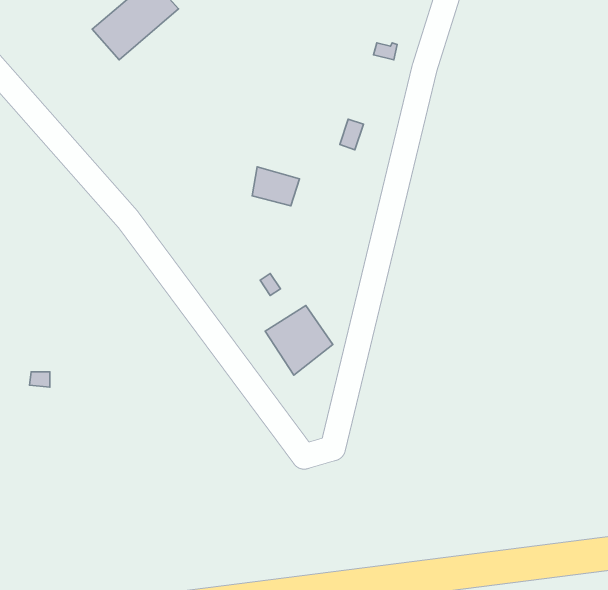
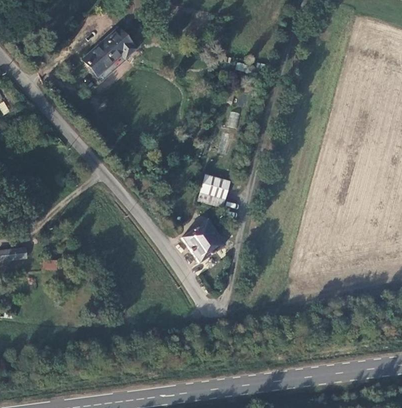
building: [252,167,299,206] -> [203,175,231,198]

